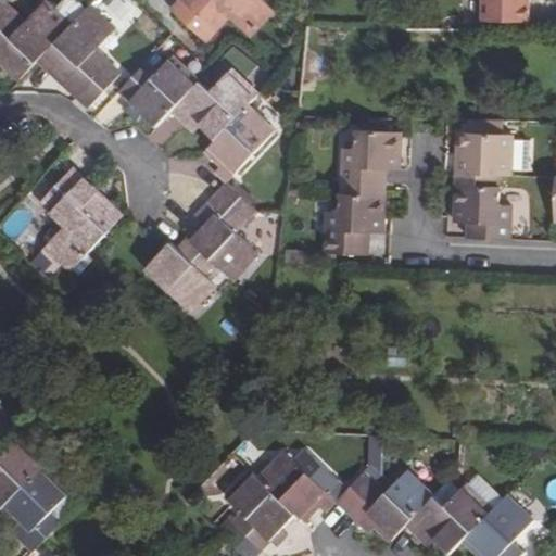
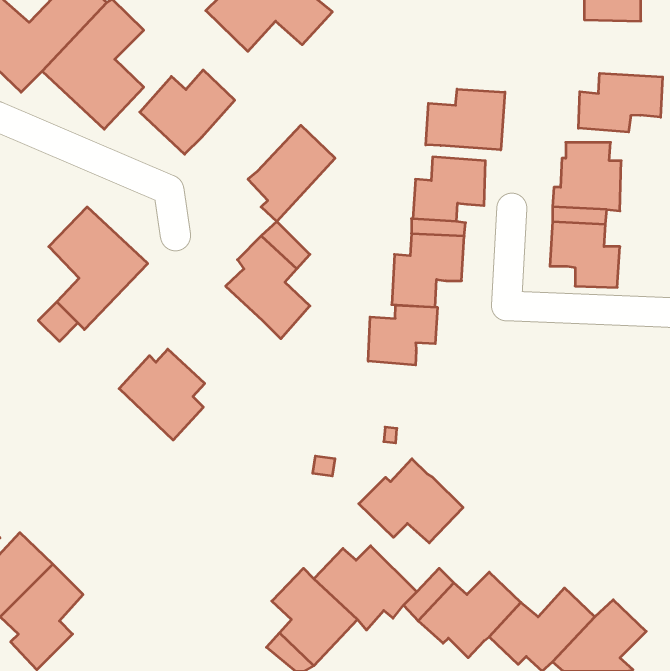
building: none -> [578,73,663,132]
building: [166,70,254,141] -> none
building: none -> [426,89,505,150]
building: [146,236,216,311] -> [119,349,205,440]
building: none -> [368,305,437,365]
building: none -> [359,459,463,543]

